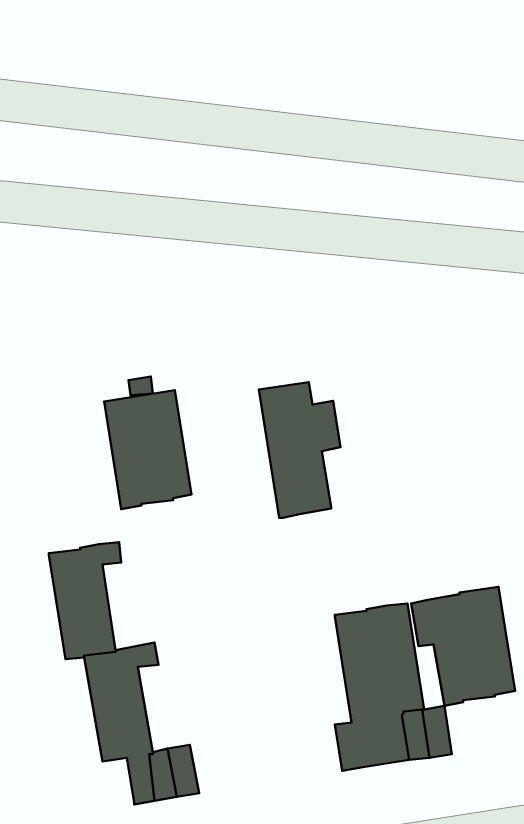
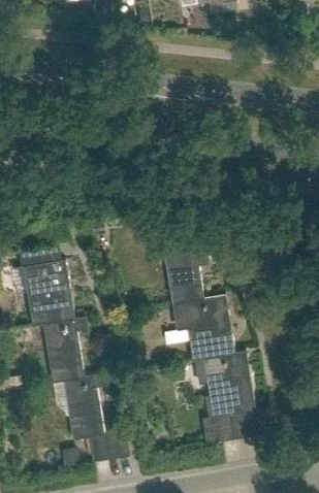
building: [104,390,192,509] -> [24,259,72,325]
building: [411,587,515,706] -> [174,293,232,359]

